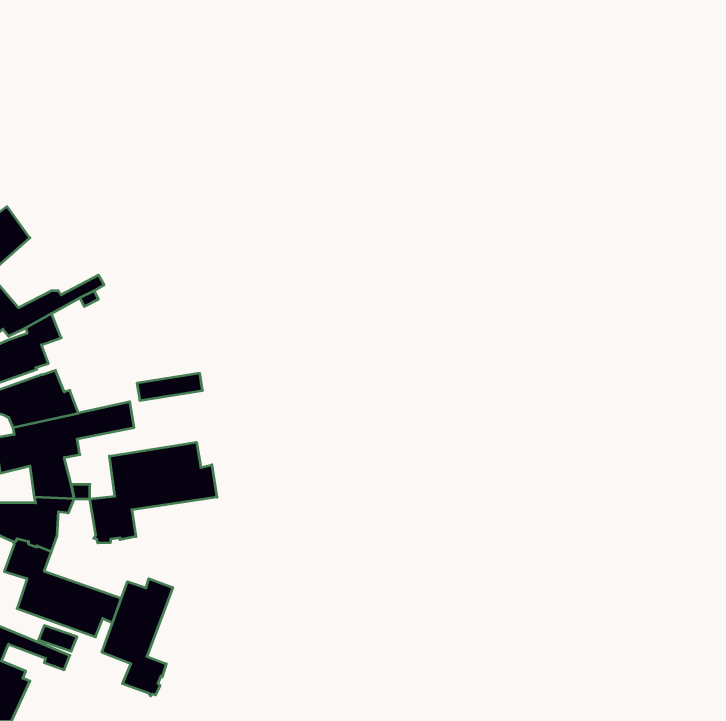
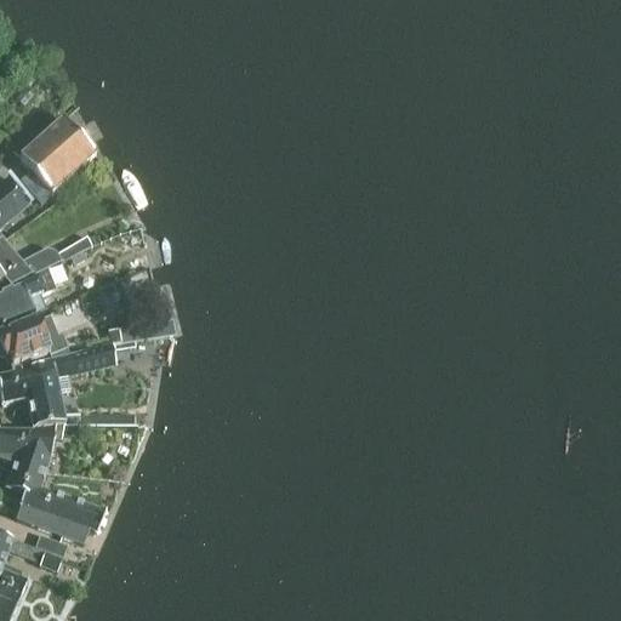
building: none -> [17,118,93,201]
building: [90,442,217,543] -> none
building: [102,579,173,696] -> none

